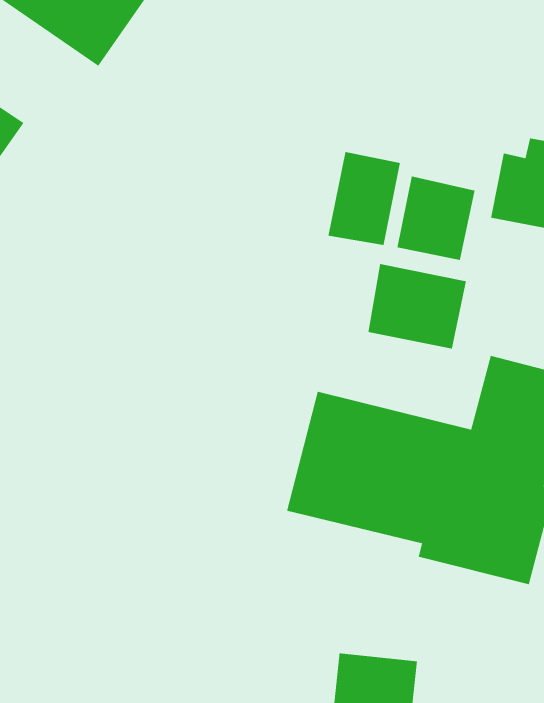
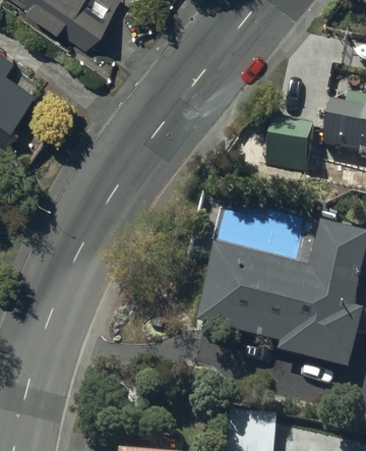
building: [327,151,401,246] -> none
building: [367,263,467,350] -> none

